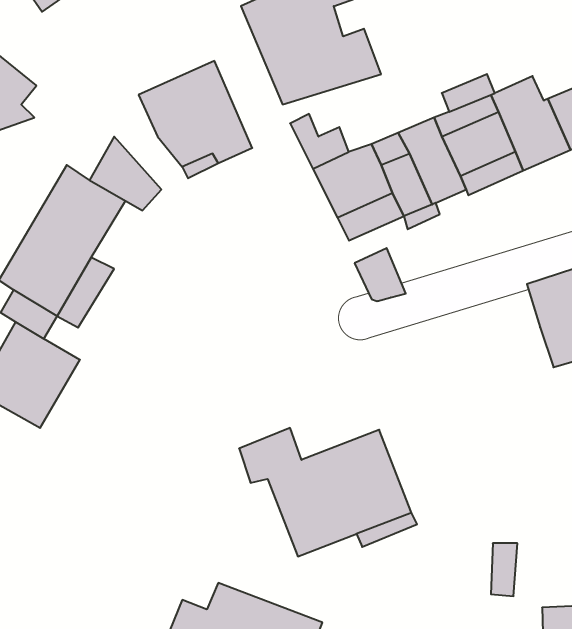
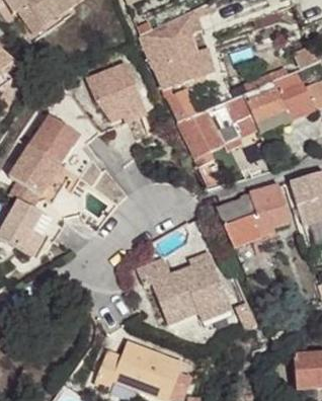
building: none -> [215,181,290,245]

